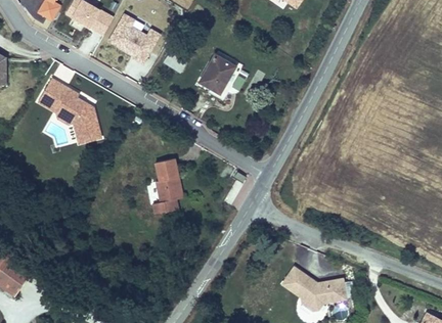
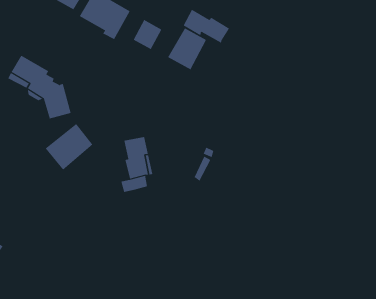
building: none -> [183,9,230,44]
building: none -> [45,123,93,170]
building: [280,267,348,310] -> none

